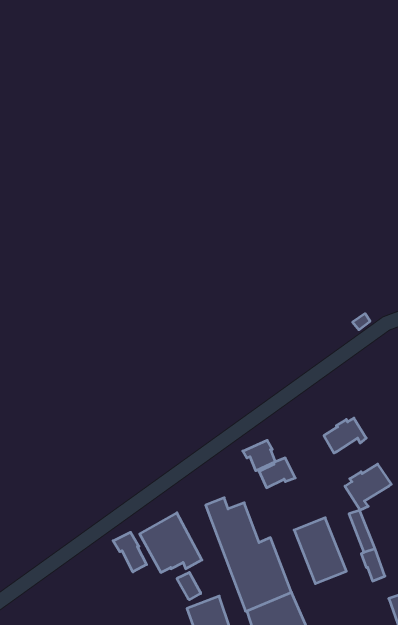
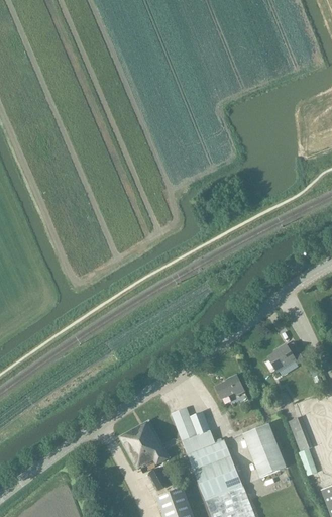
building: [243,440,275,471] -> none
building: [345,464,391,510] -> none
building: [113,532,147,572] -> none

